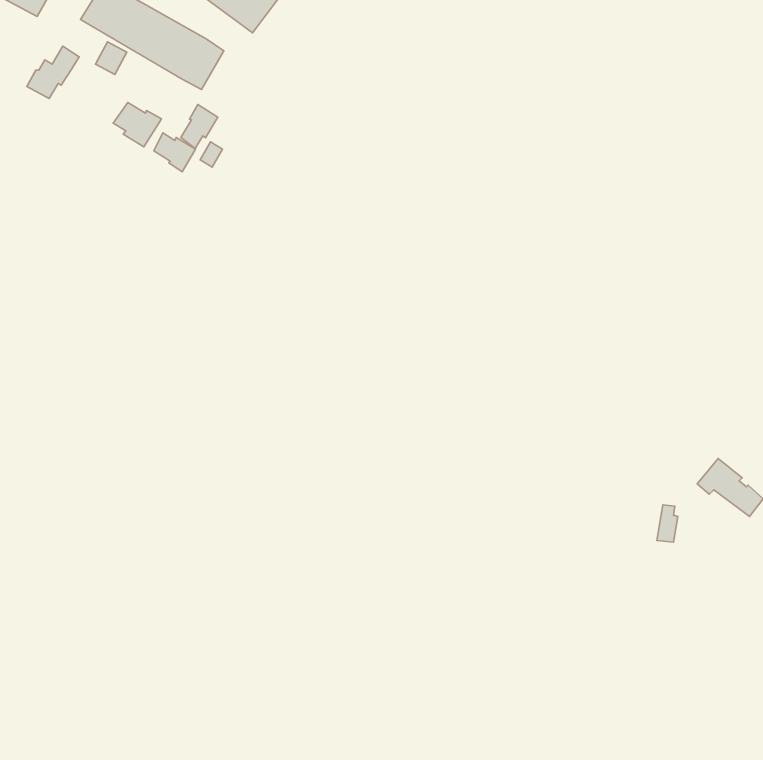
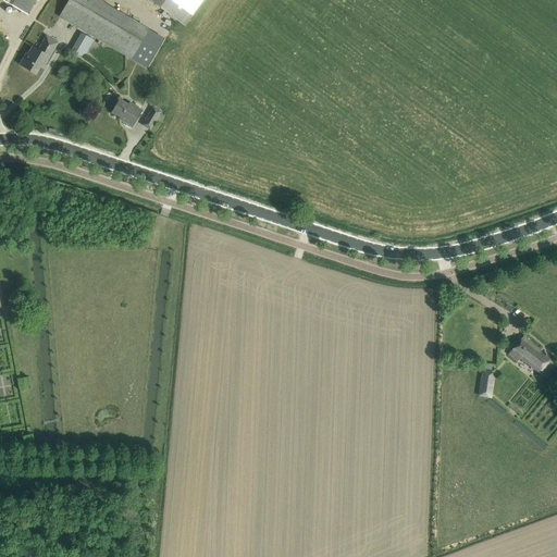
building: [113,103,162,147] -> none
building: [181,105,218,149] -> none

